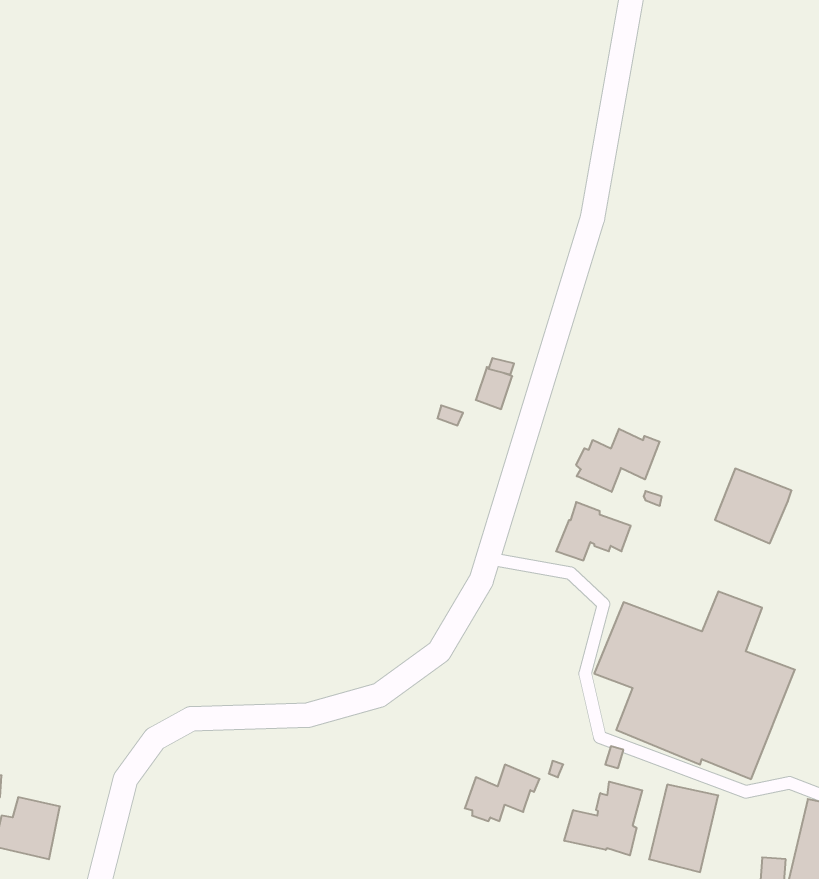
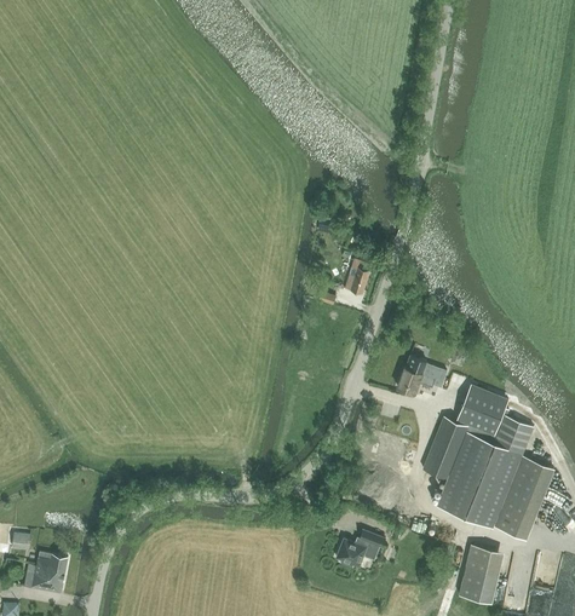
building: [576,429,660,492] -> none
building: [715,469,792,543] -> [456,387,507,437]
building: [564,782,642,855] -> none

